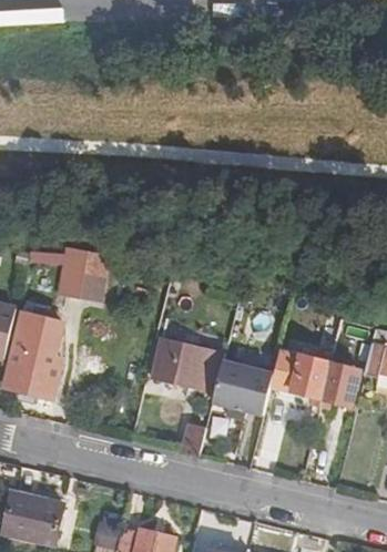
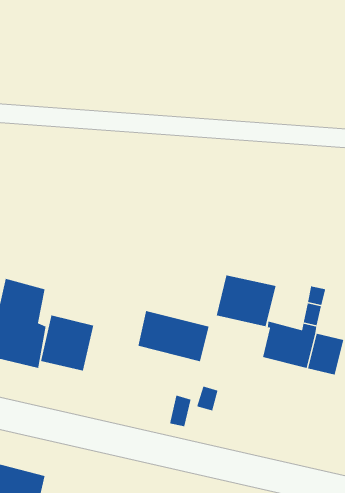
building: [55,256,104,306] -> none
building: none -> [40,314,94,372]
building: [213,362,273,415] -> [216,274,276,327]

